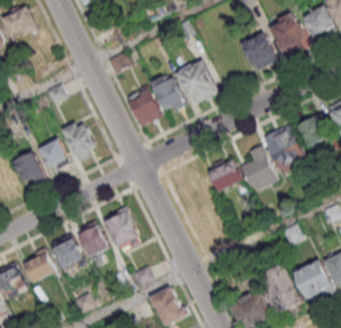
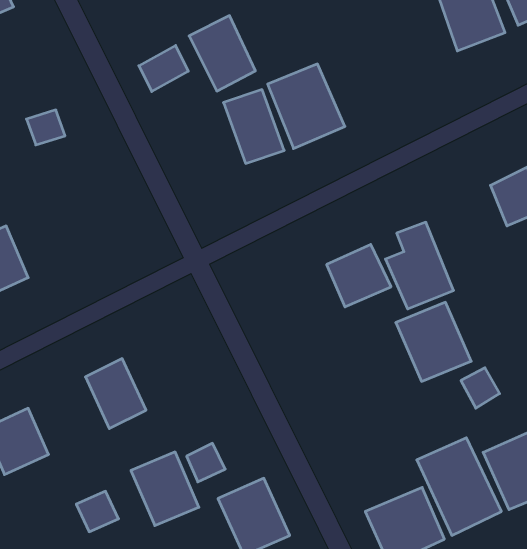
building: [241,33,277,71] -> none
building: [125,86,161,127] -> [189,16,255,91]
building: [60,119,97,160] -> none
building: [263,126,304,170] -> [396,302,471,381]
building: [36,137,69,174] -> none
building: [103,210,140,250] -> [131,452,199,526]
building: [48,233,84,271] -> none

